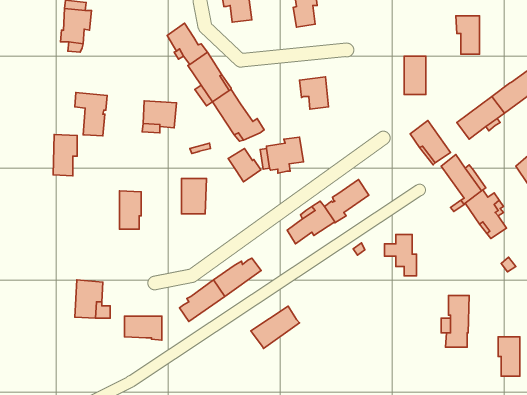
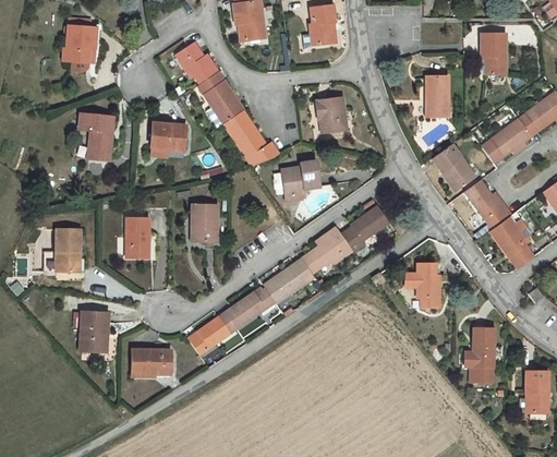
building: [53,134,77,176] -> [56,228,81,272]
building: [228,148,261,182] -> none
building: [251,306,300,349] -> [264,258,315,303]

